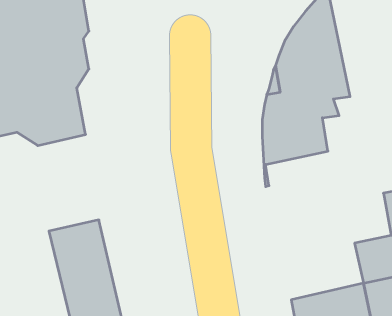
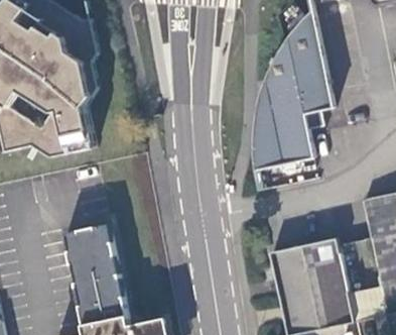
building: none -> [270,237,345,295]

